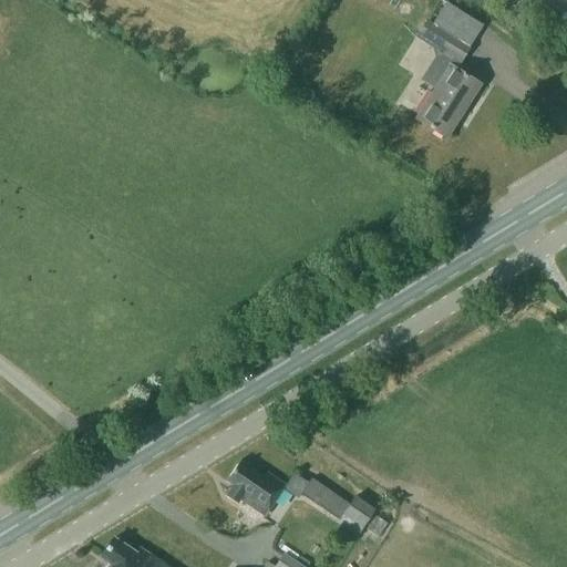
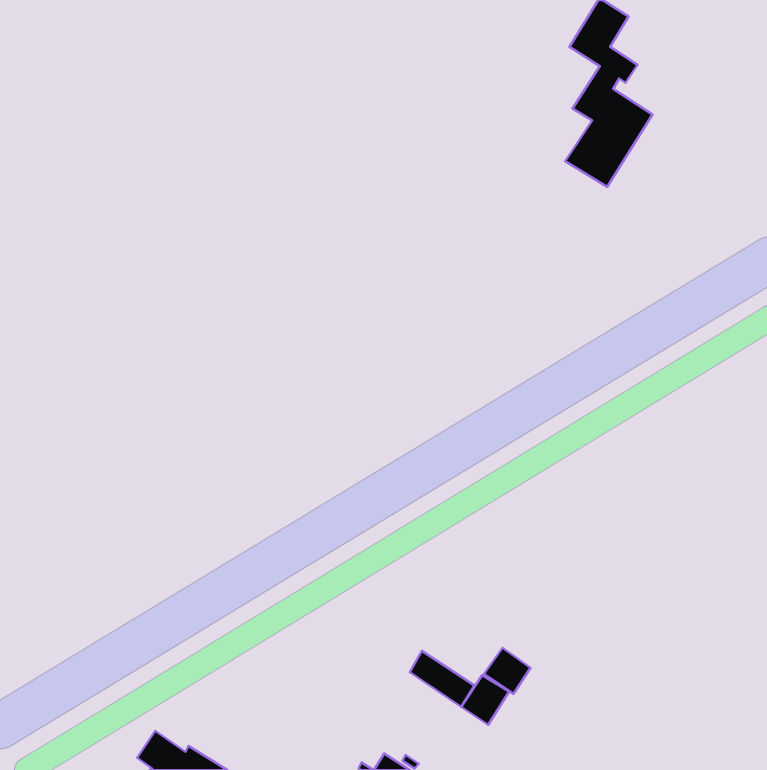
building: [228,460,287,516] -> none
building: none -> [484,648,531,694]

